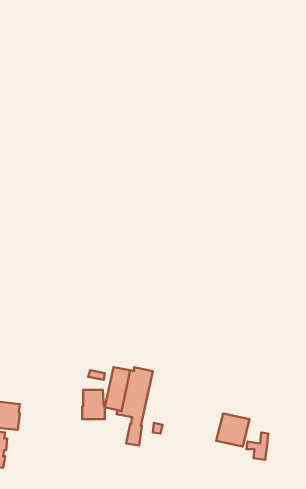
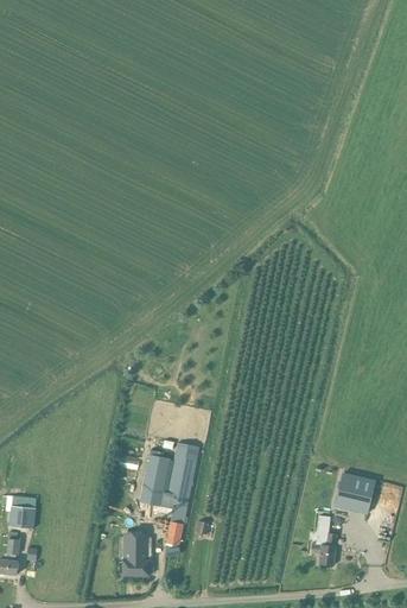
building: [82,390,105,419] -> [119,538,146,574]
building: [216,413,250,447] -> [335,473,375,513]

